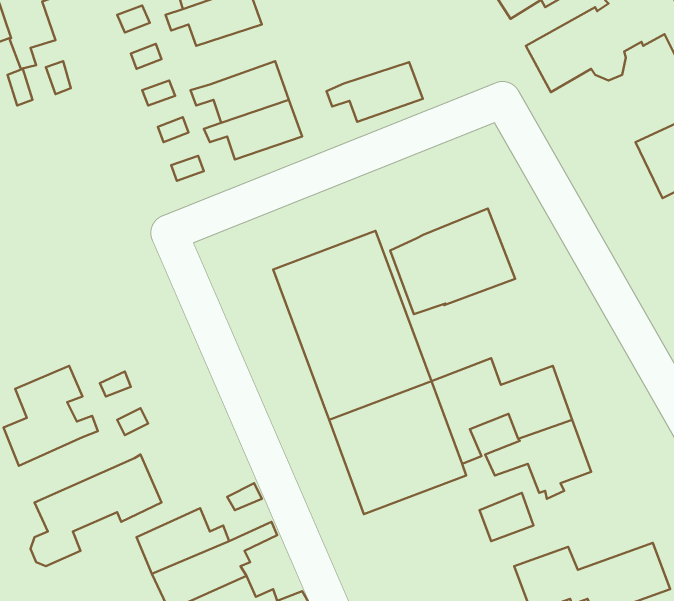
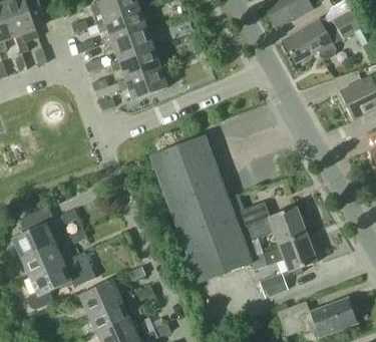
building: [326,62,423,122] -> [102,29,152,60]
building: [390,209,515,314] -> none
building: none -> [19,244,79,278]

